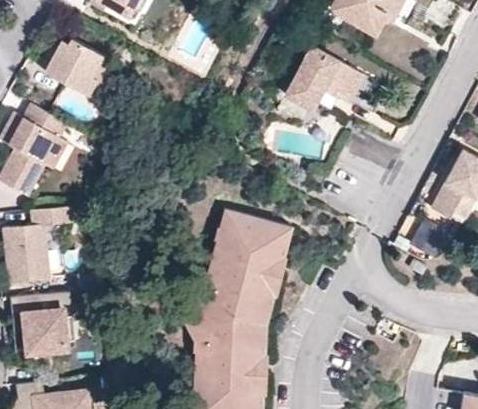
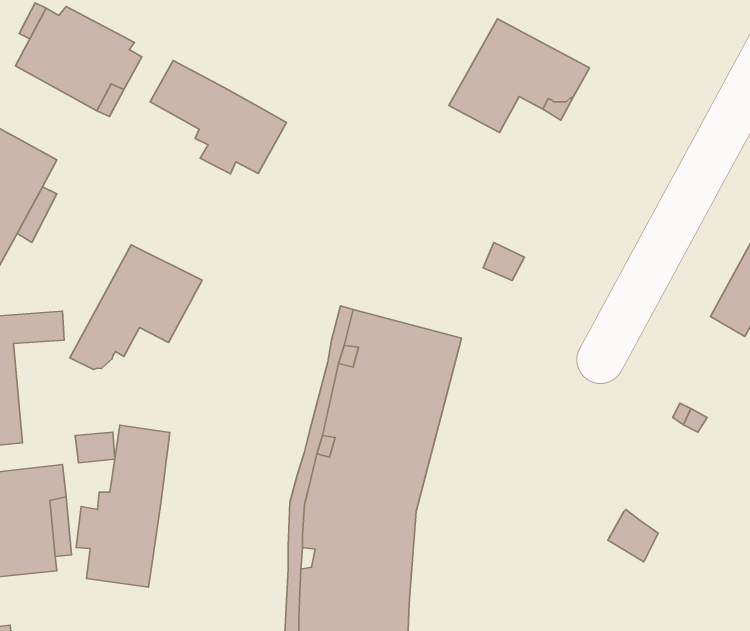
building: none -> [150,60,286,174]
building: none -> [70,245,202,370]
building: none -> [76,425,170,587]

